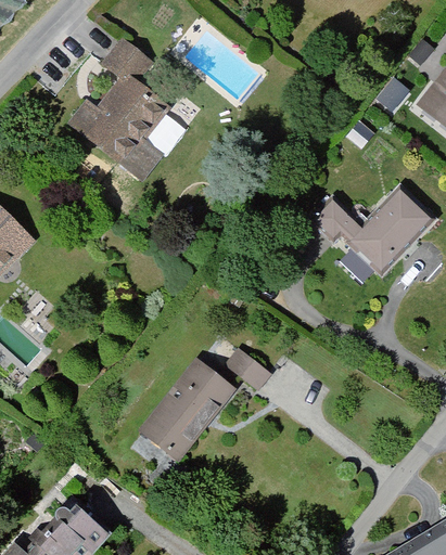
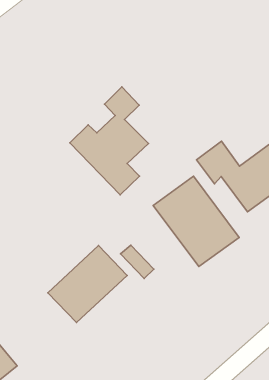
building: [64,43,167,185] -> [70,87,148,195]
building: none -> [153,176,239,267]

